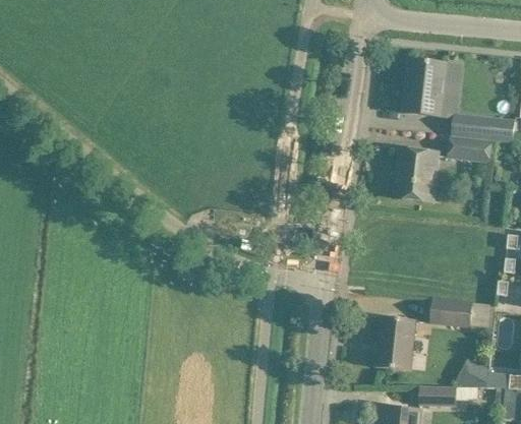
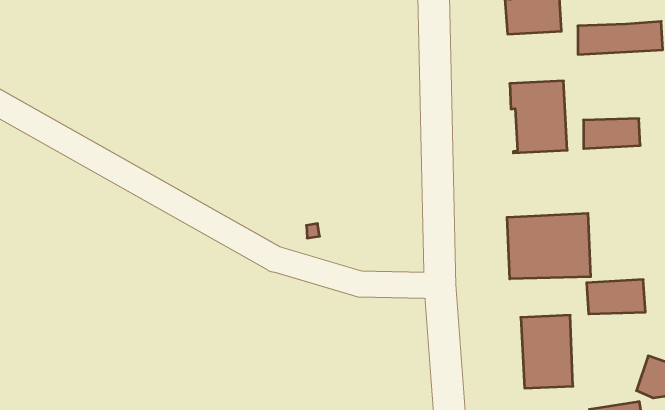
building: [449,136,491,161] -> [583,119,640,149]
building: none -> [507,213,591,279]

